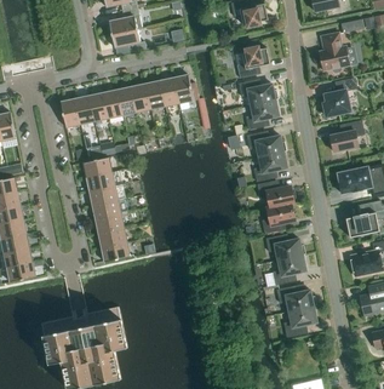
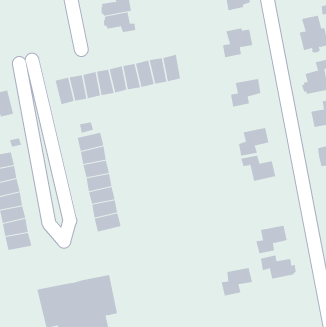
building: [237,79,277,104] -> none
building: [246,131,285,156] -> none
building: [260,204,294,233] -> none
building: [265,234,304,259] -> none
building: [282,307,316,337] -> [221,267,253,296]

